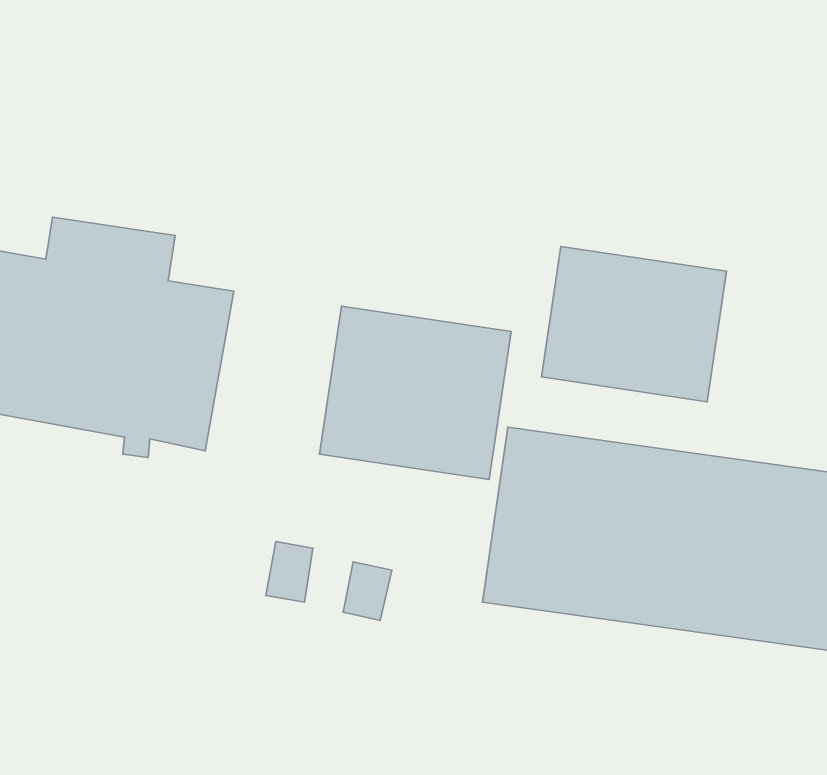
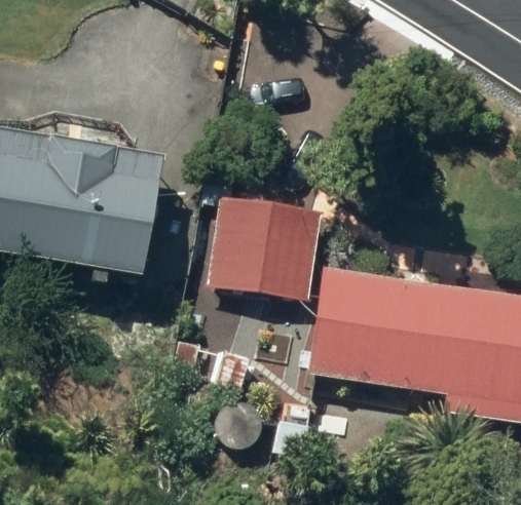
building: [541,247,727,402] -> none

